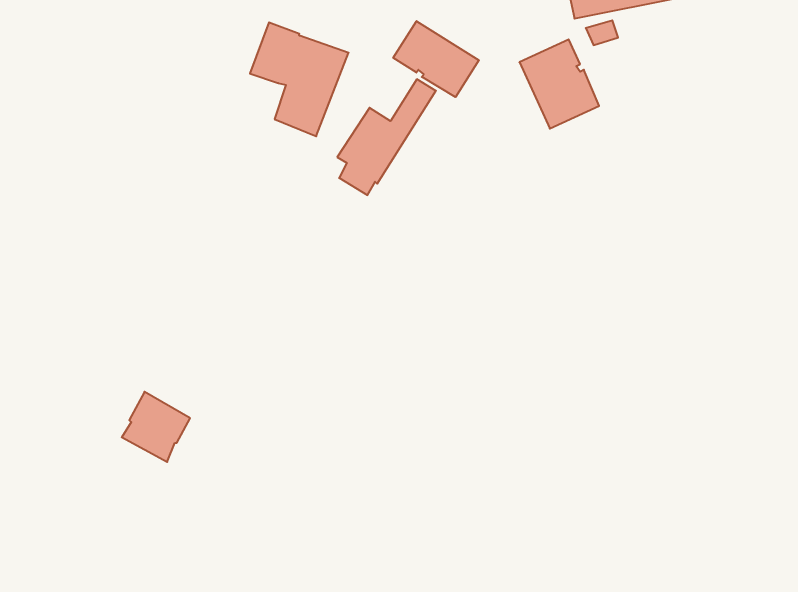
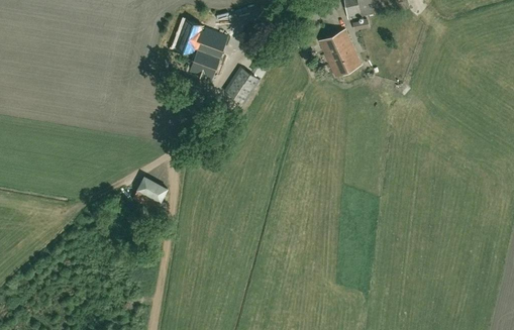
building: [393,21,479,97] -> none
building: [122,392,190,462] -> [132,175,169,212]

